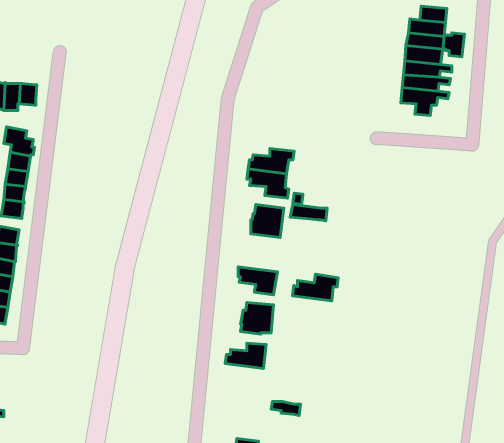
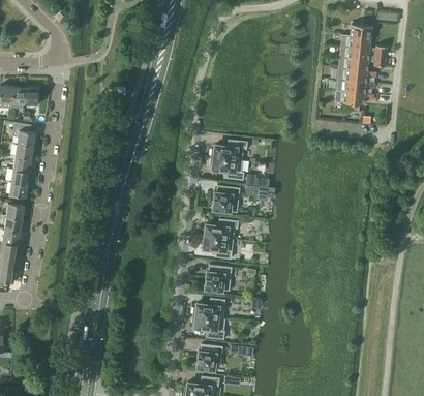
building: [292,274,338,301] -> [203,218,240,240]
building: none -> [192,314,225,339]
building: none -> [198,344,223,370]

